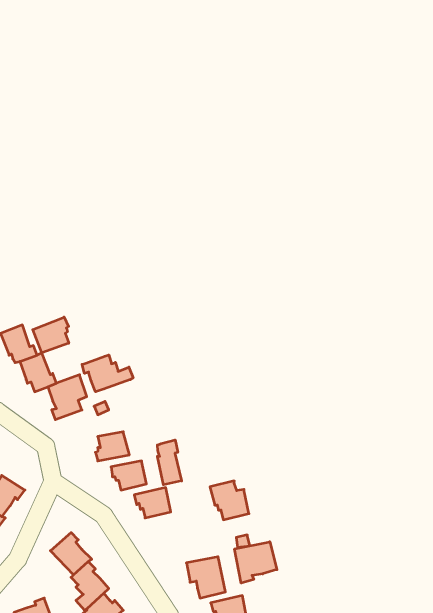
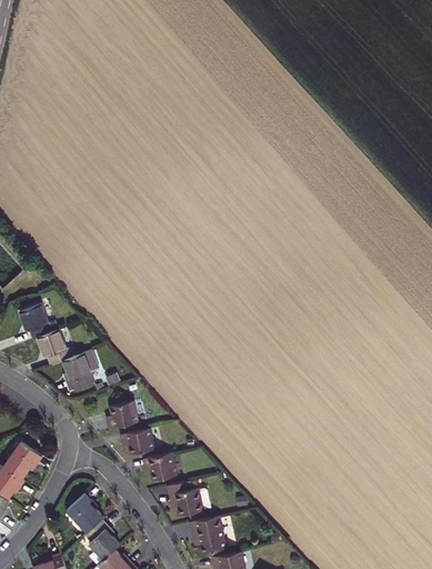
building: [33,317,69,353] -> none
building: [82,355,133,392] -> none
building: [157,440,182,485] -> none
building: [210,481,249,520] -> [167,480,202,516]
building: [235,542,277,583] -> none

